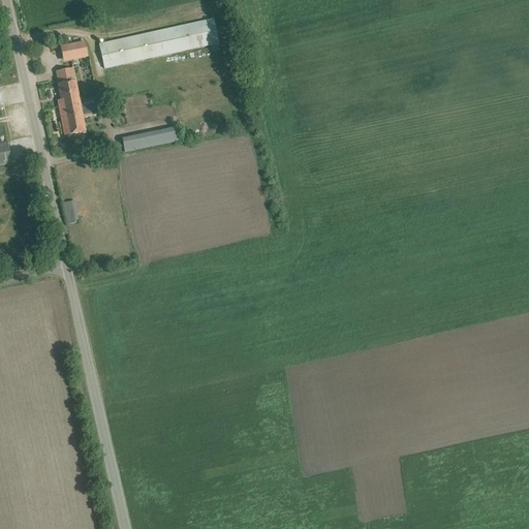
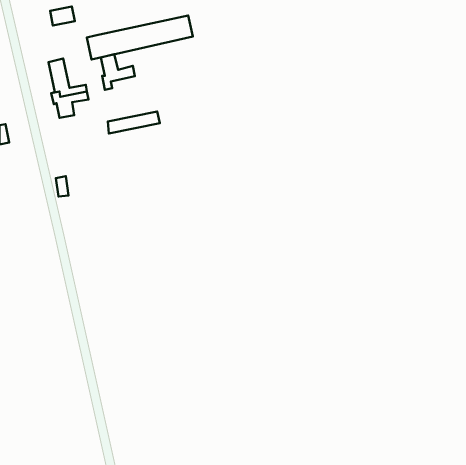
building: [59,39,87,61] -> [50,6,75,26]
building: none -> [101,54,135,90]

